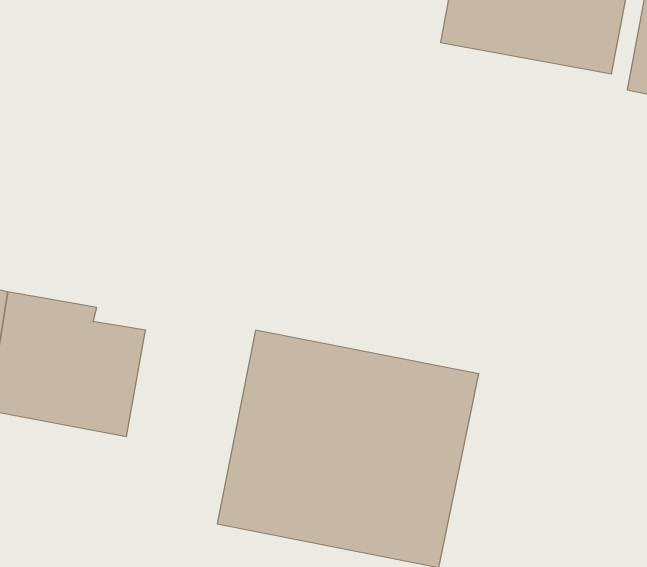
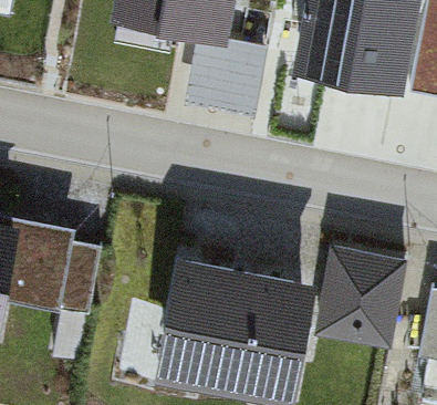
building: none -> [315,246,409,349]

